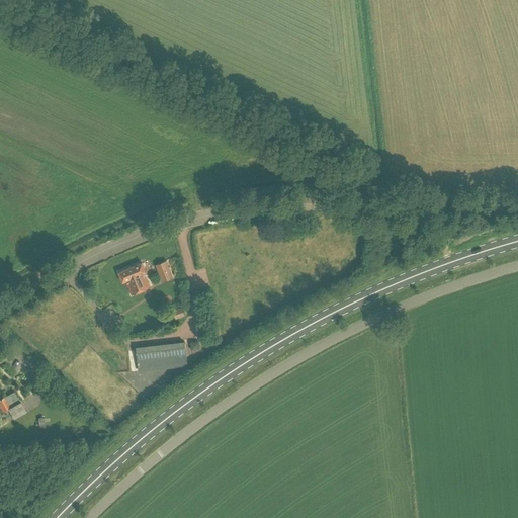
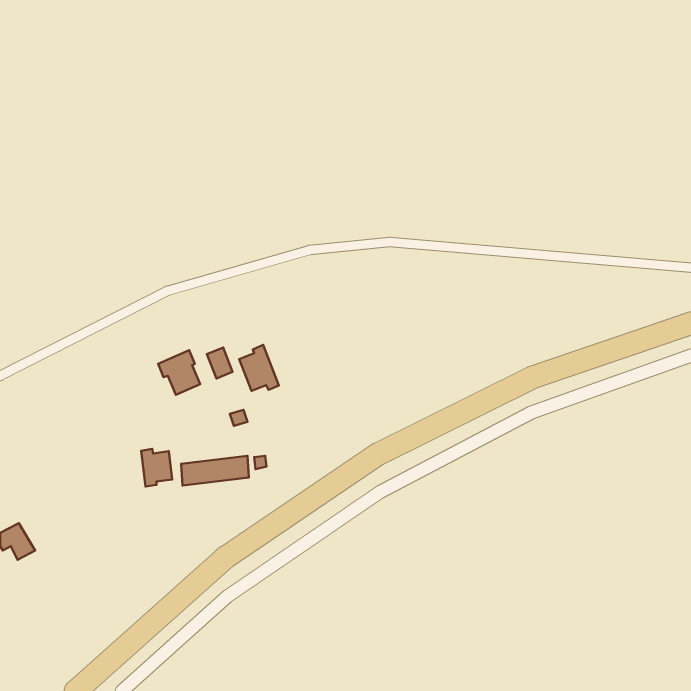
building: none -> [239,345,279,391]
building: none -> [141,449,172,487]

